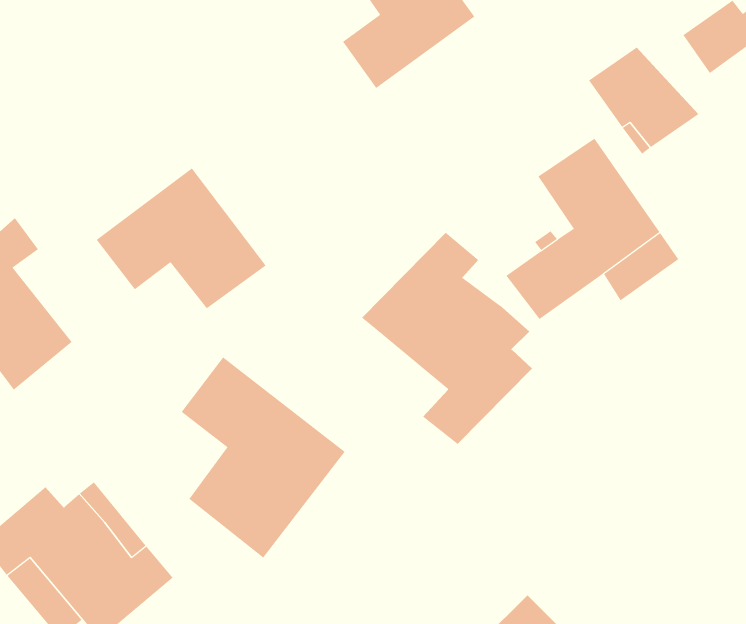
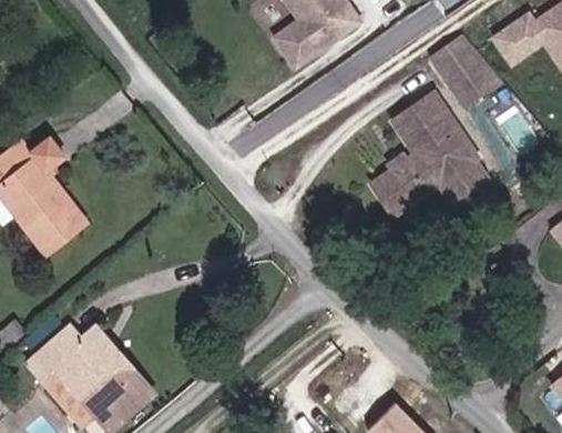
building: [96,167,266,309] -> none
building: [361,232,533,445] -> none
building: [181,357,345,558] -> none

